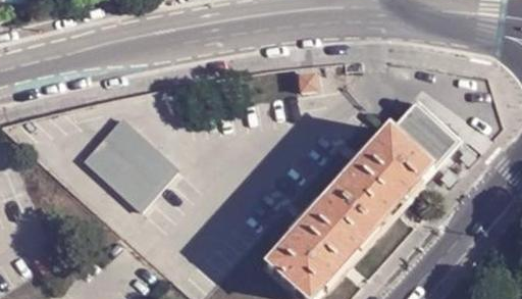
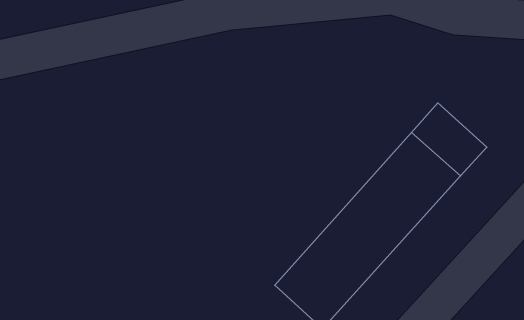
building: [83,116,176,209] -> none

